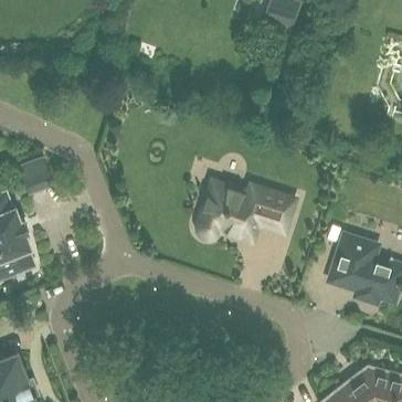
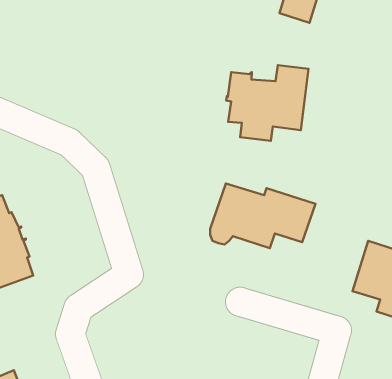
building: none -> [226,65,309,141]
building: [19,158,53,194] -> none

